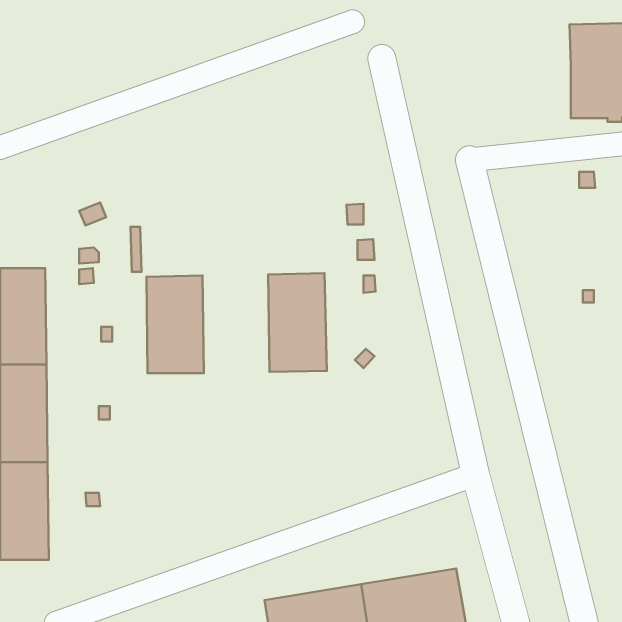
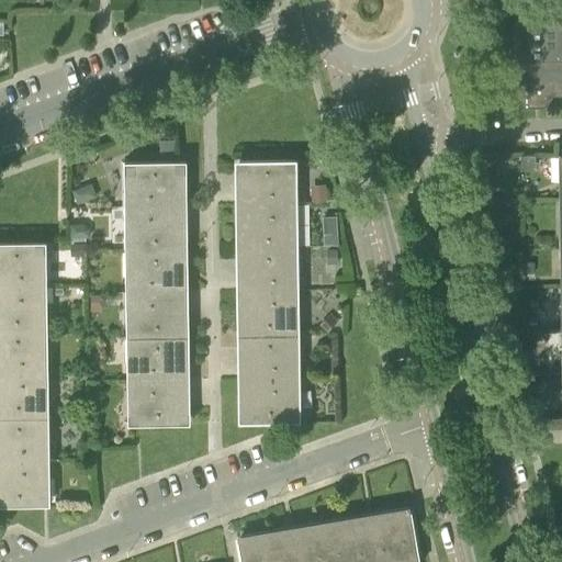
building: none -> [241,159,293,248]
building: none -> [132,160,183,250]
building: none -> [244,335,296,423]
building: none -> [134,337,186,424]

